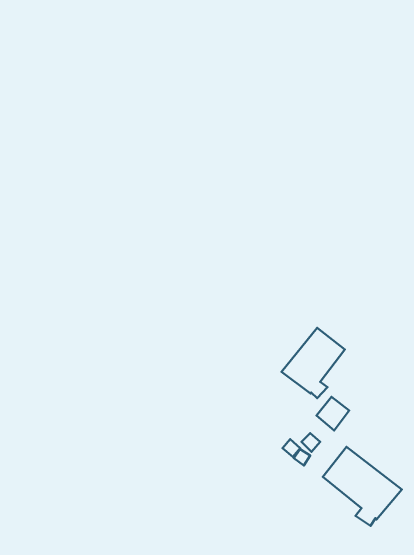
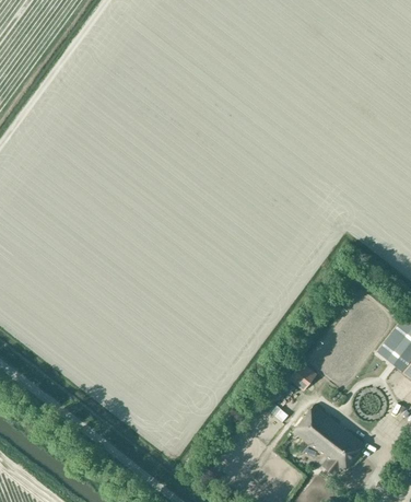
building: [281,328,345,398] -> none

